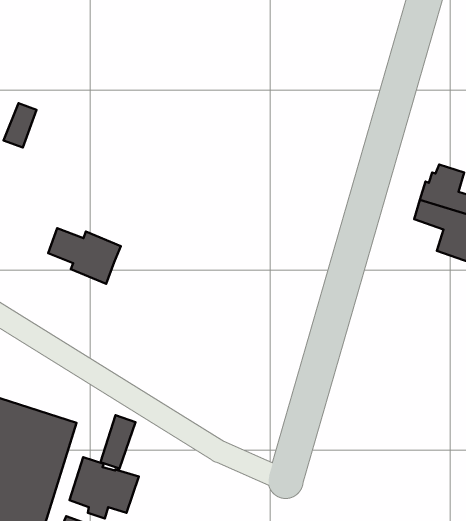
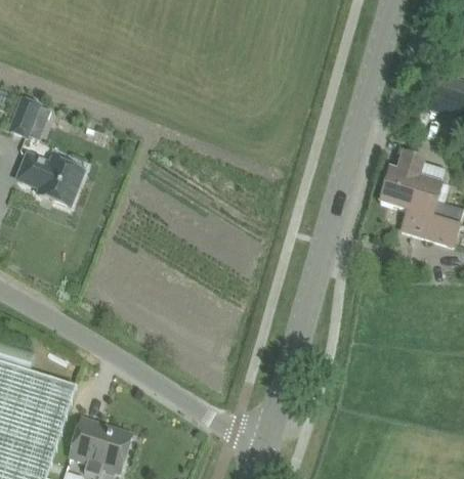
building: [48,228,121,284] -> [17,154,83,204]
building: [100,415,135,469] -> none

